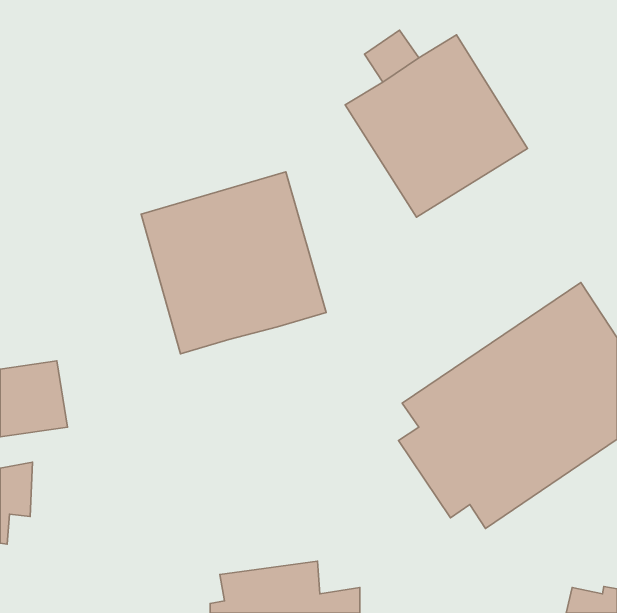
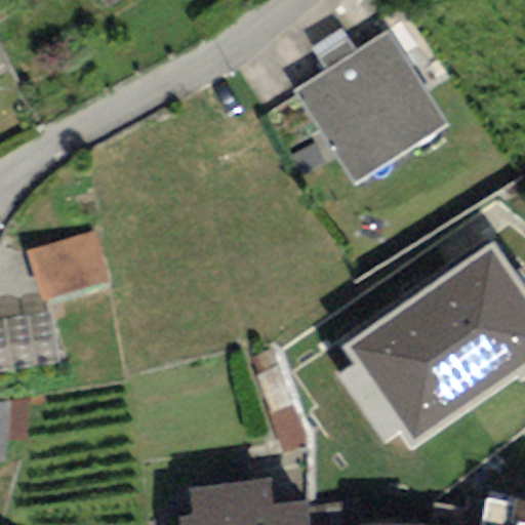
building: [141,172,326,354] -> none
building: none -> [25,228,112,302]

